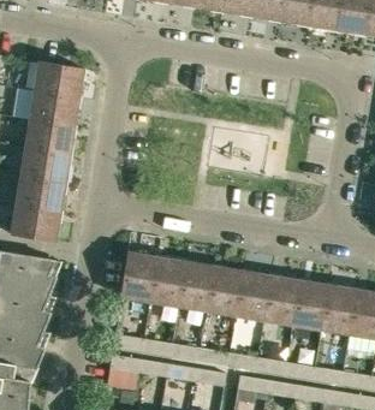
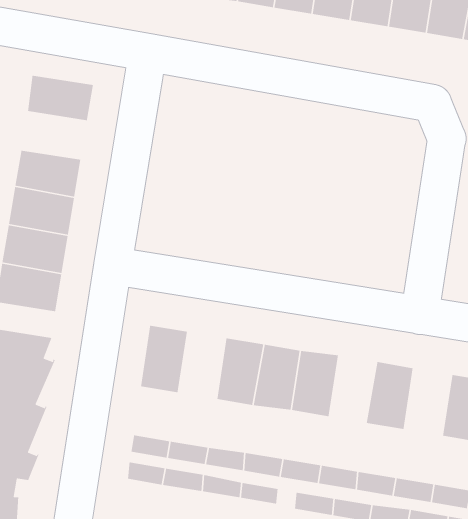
building: [30,89,81,125] -> none
building: [149,255,185,307] -> none
building: [263,273,299,325] -> none
building: [320,283,356,334] -> none

